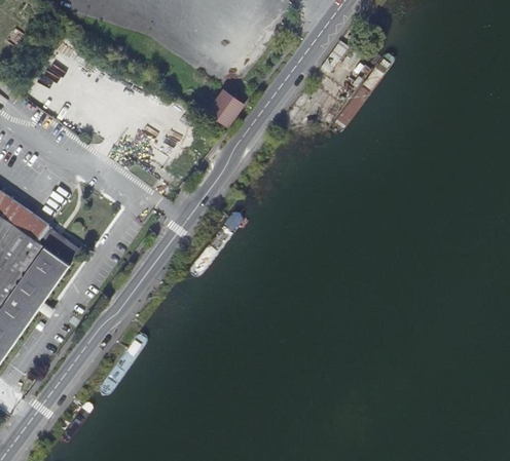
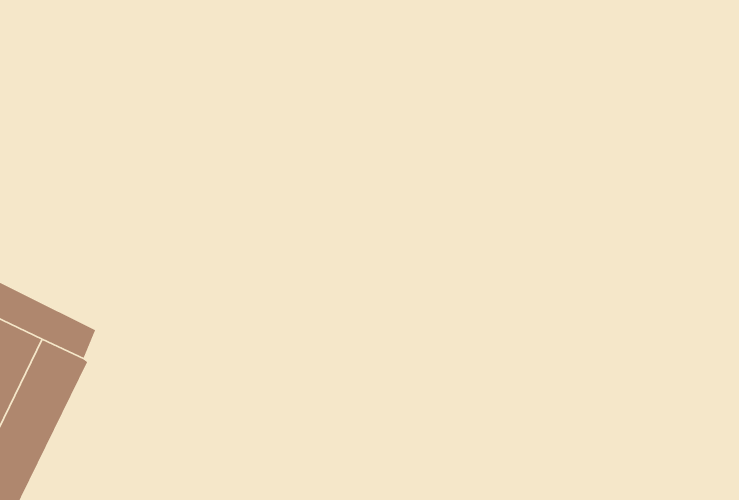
building: [205,87,240,123] -> none

